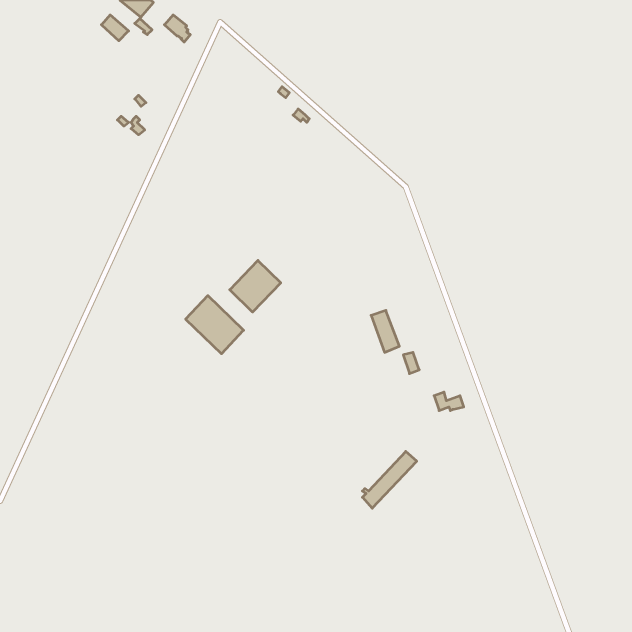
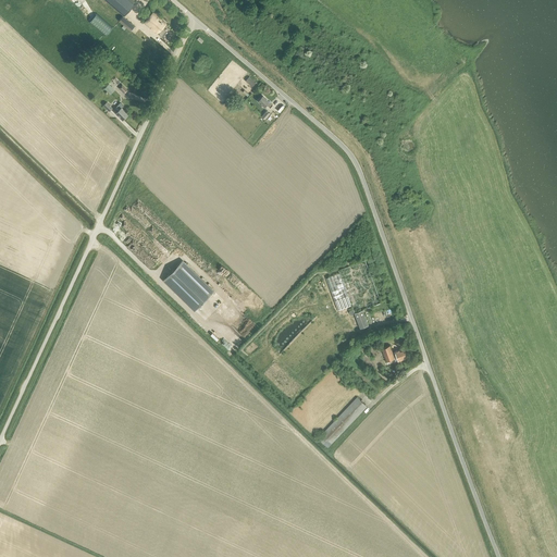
building: [230,260,281,312] -> none

